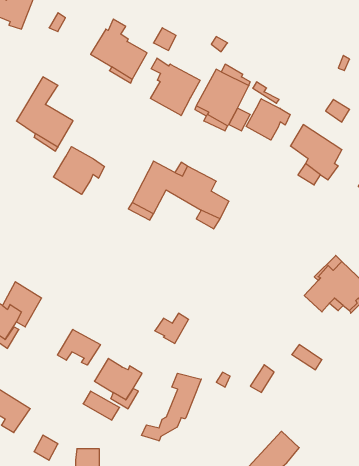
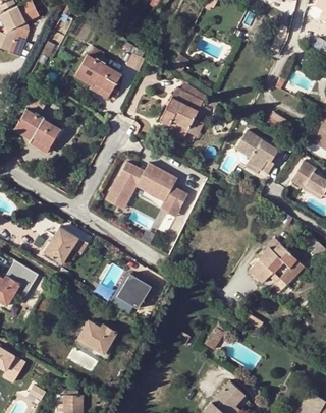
building: [150,58,200,116] -> none
building: [246,99,290,140] -> none
building: [53,147,104,194] -> none
building: none -> [44,227,87,261]
building: [57,329,100,365] -> none
building: [142,373,201,441] -> none

